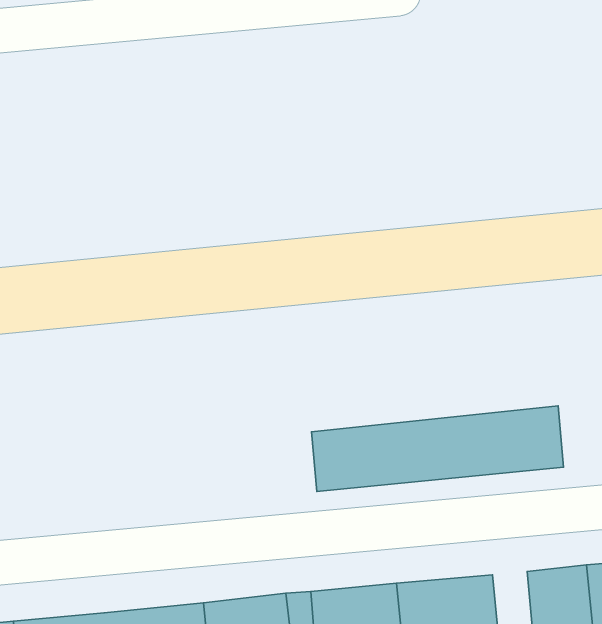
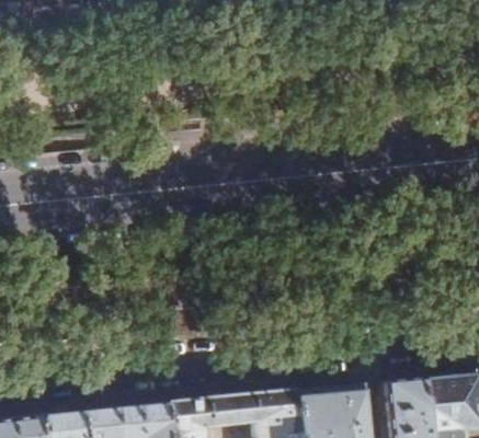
building: [312,406,564,492] -> none

